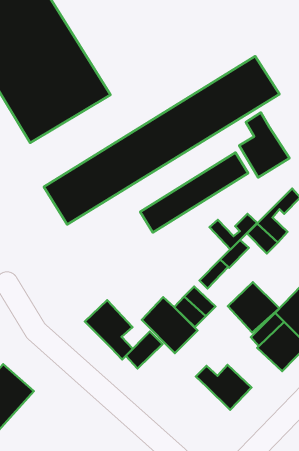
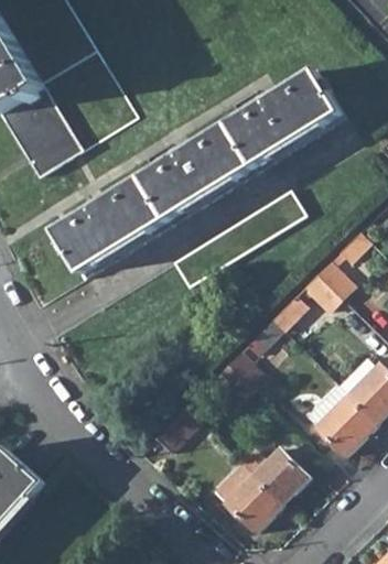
building: [239,113,290,178] -> none
building: [209,214,257,249] -> none
building: [228,282,279,333] -> none
building: [142,297,197,353] -> [215,463,283,531]
building: [85,300,133,360] -> none

